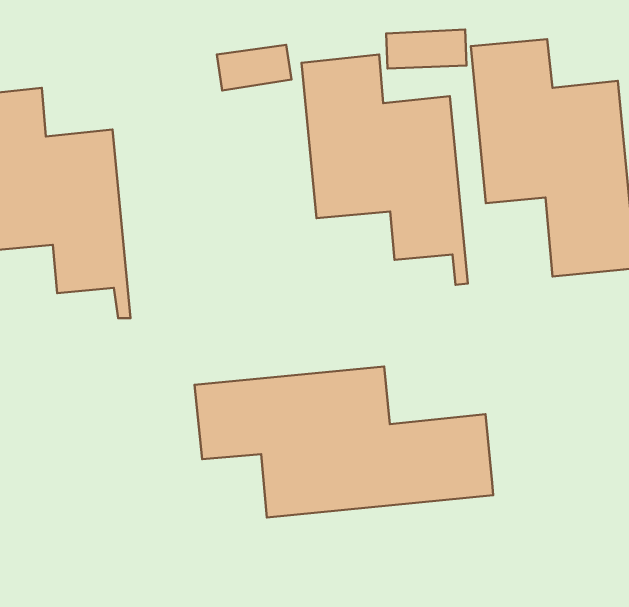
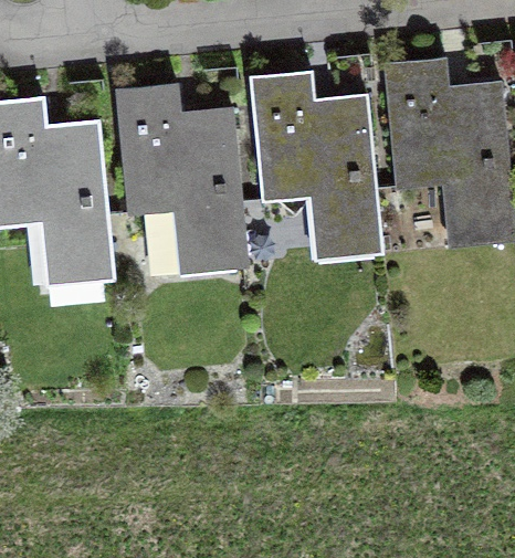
building: none -> [115,84,248,267]
building: [194,366,493,518] -> none

